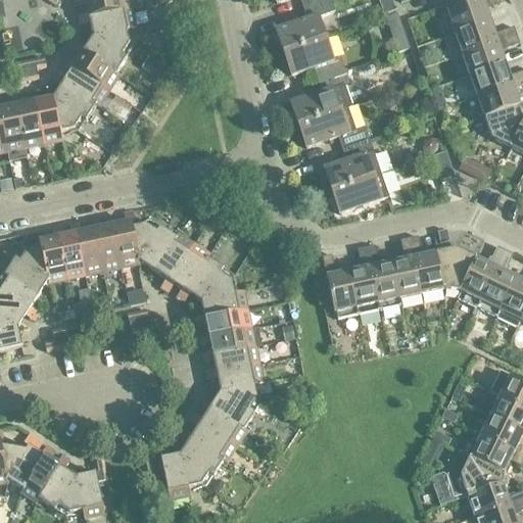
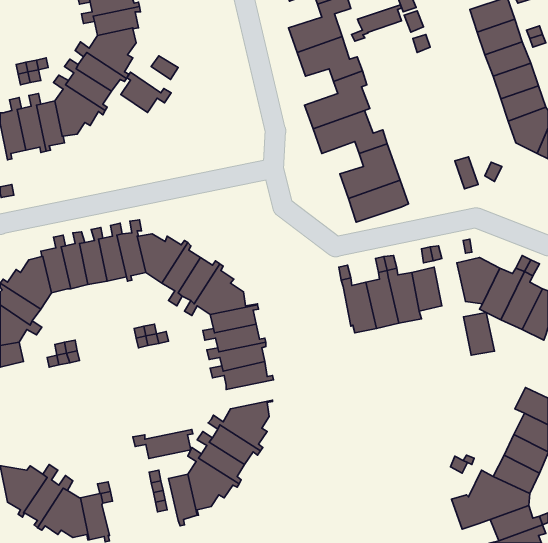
building: none -> [352,5,402,41]
building: none -> [121,72,171,113]
building: [414,250,443,291] -> [463,312,495,355]
building: [204,362,262,389] -> [133,429,193,458]

